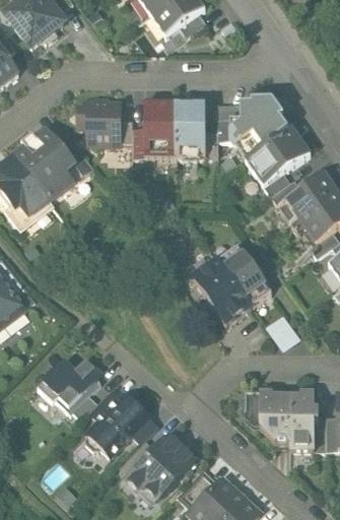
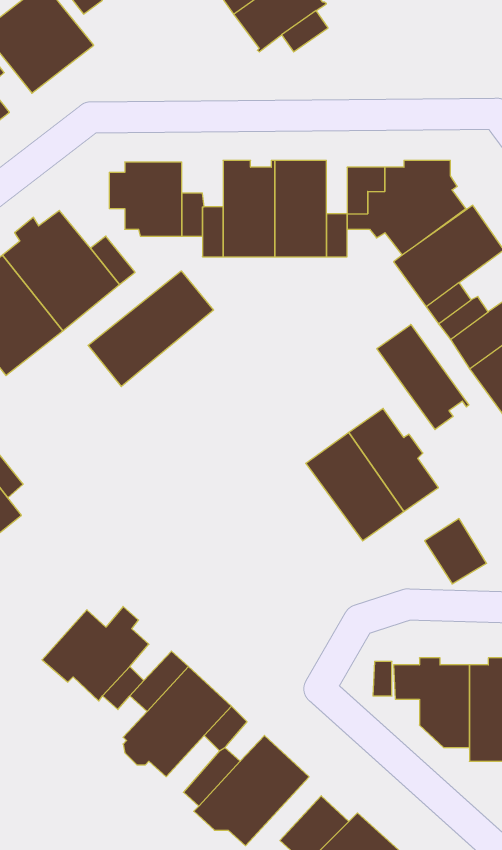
building: none -> [88,271,214,387]
building: none -> [377,324,469,430]

